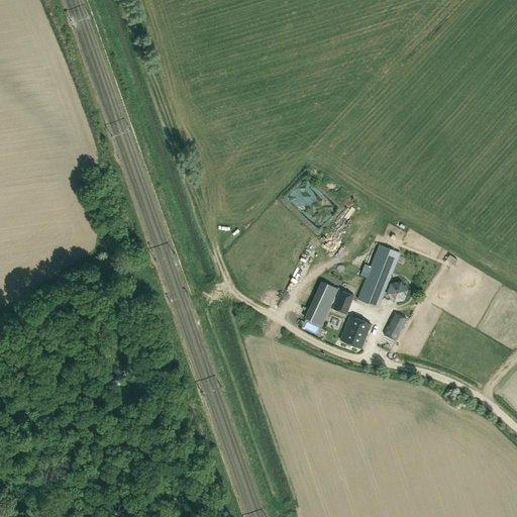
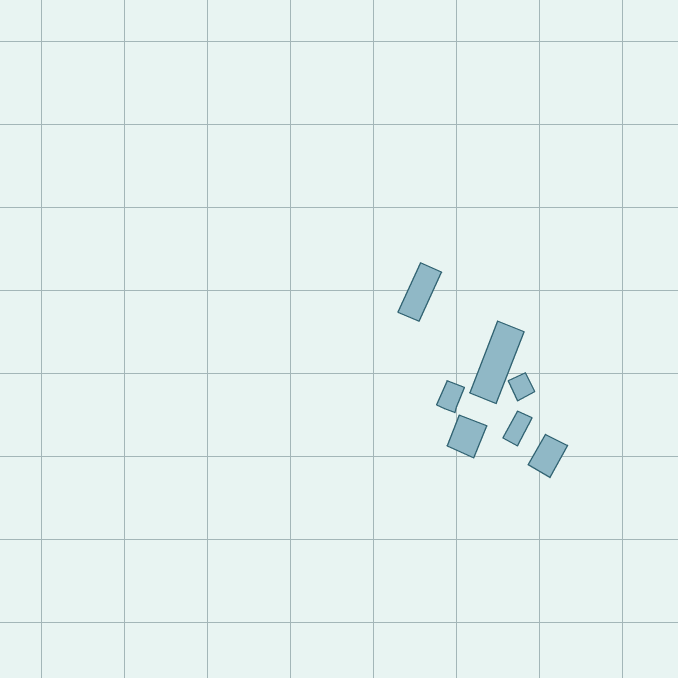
building: [304,281,337,325] -> [398,263,442,321]
building: none -> [528,434,568,478]

